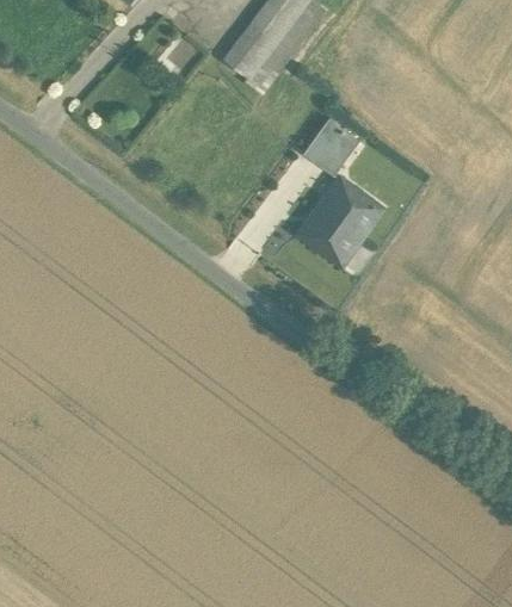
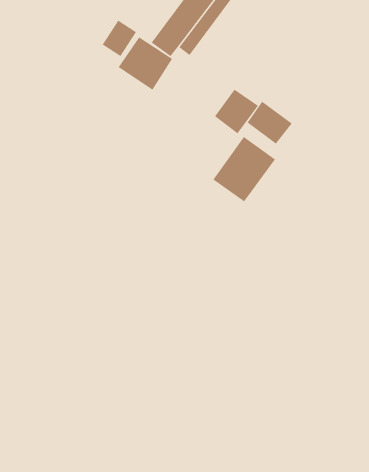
building: none -> [118,36,173,90]
building: none -> [247,101,293,144]

